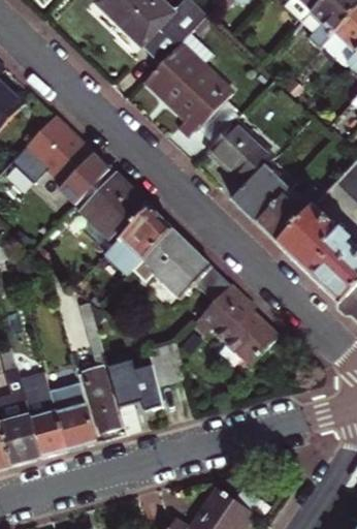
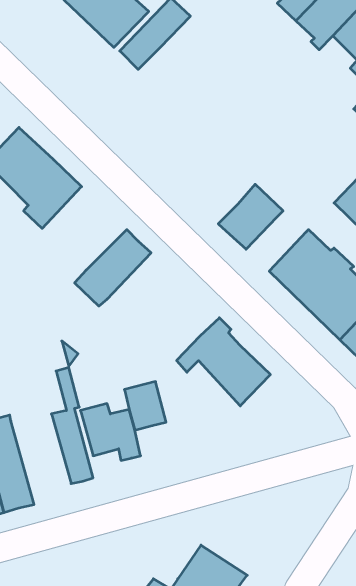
building: [144,43,230,129] -> none
building: [206,120,273,183] -> none
building: [74,167,150,242] -> none
building: [256,194,310,243] -> none
building: [132,226,232,301] -> none
building: [46,371,95,450] -> none

